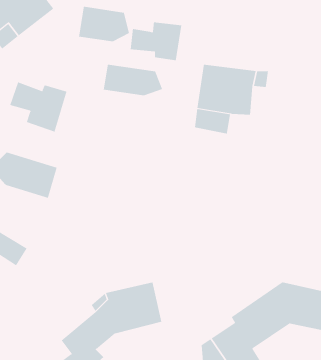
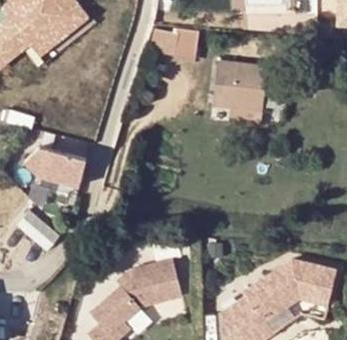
building: [78,6,130,42] -> none
building: [103,64,163,96] -> none
building: [10,81,67,133] -> none

